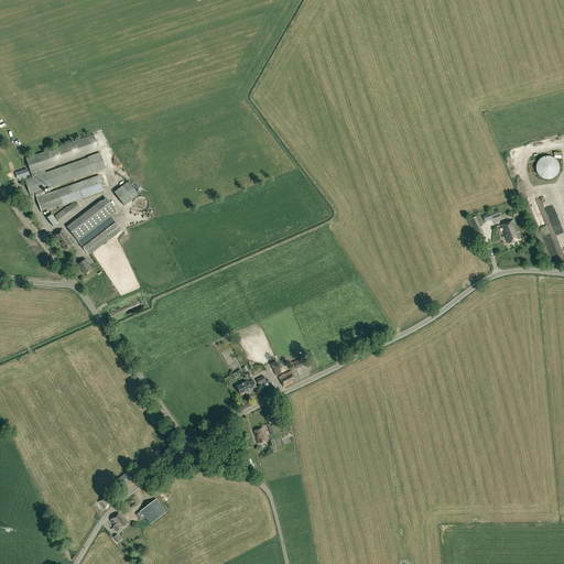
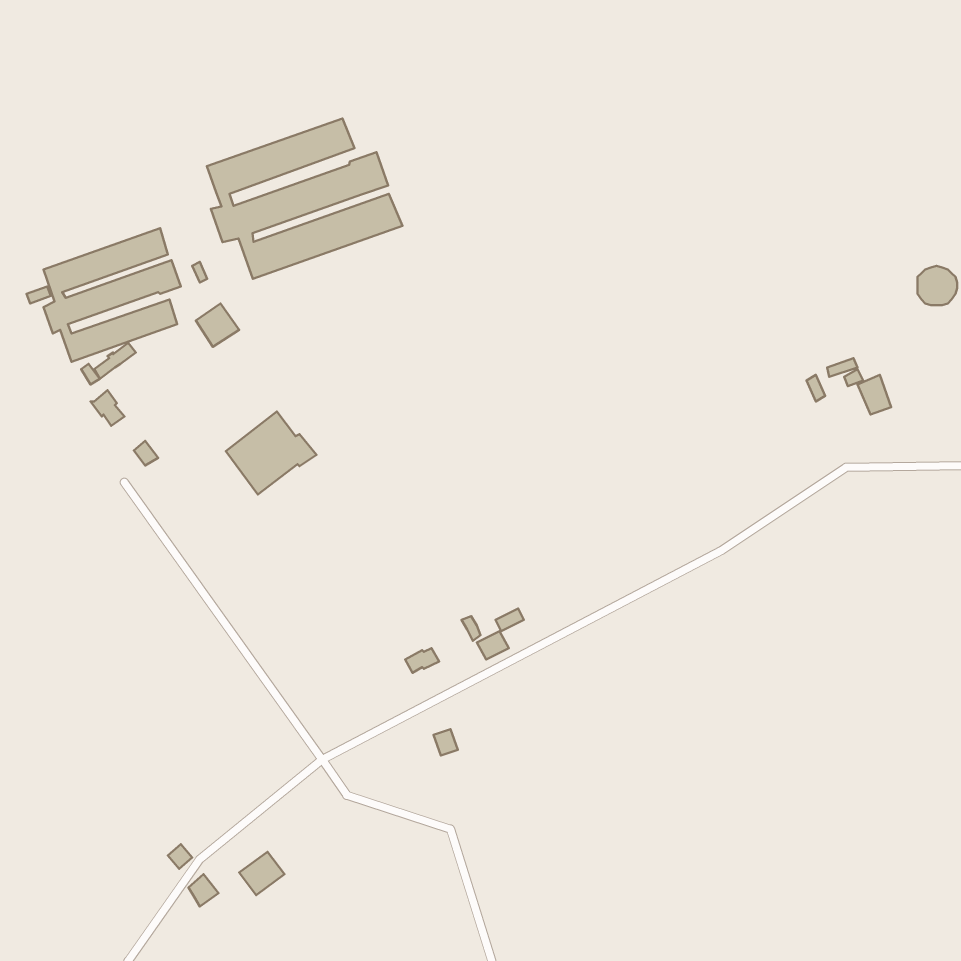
building: none -> [207,118,403,279]
building: [68,203,121,251] -> [226,412,316,494]

